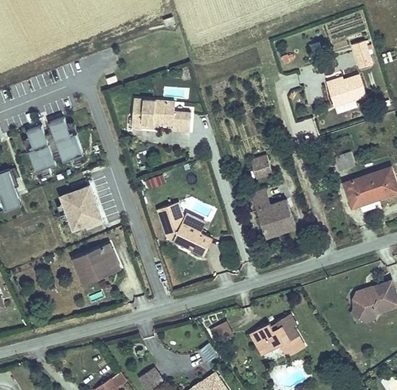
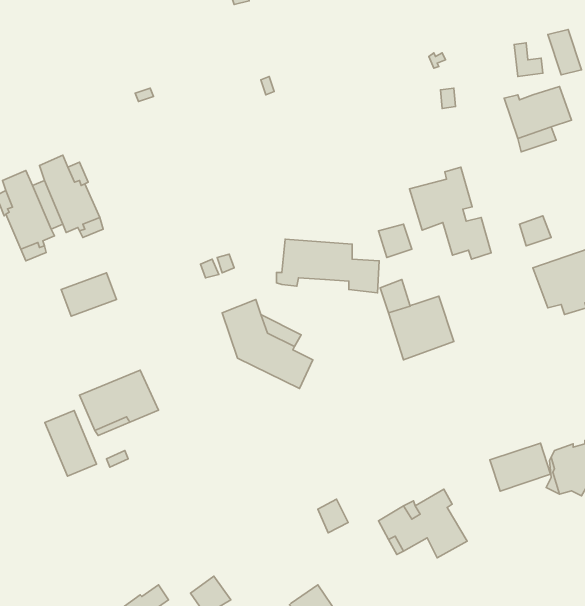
building: [129,100,190,132] -> [277,239,379,293]
building: none -> [409,167,491,259]
building: [68,202,101,228] -> none
building: none -> [45,410,97,476]
building: none -> [490,443,551,491]

